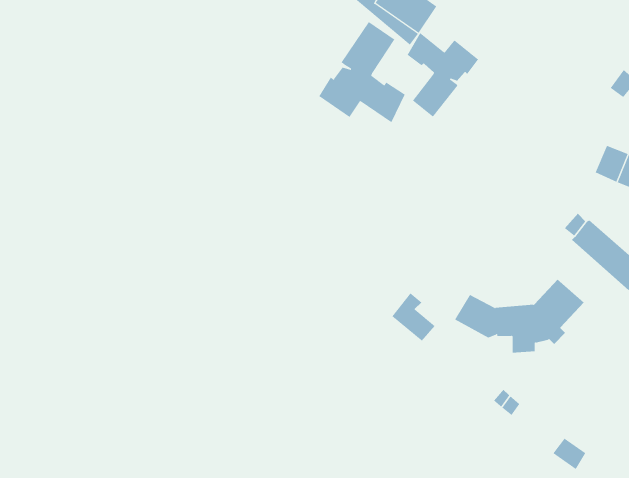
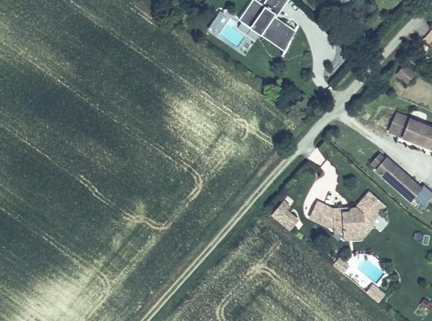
building: [318,21,405,123] -> none
building: [407,32,479,117] -> none

